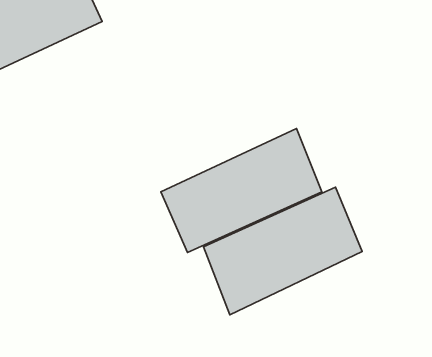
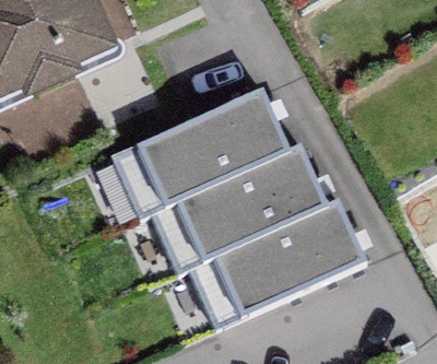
building: none -> [133,91,286,210]

